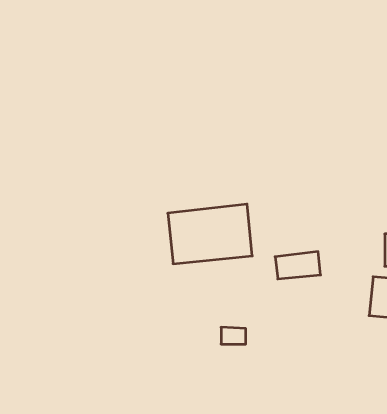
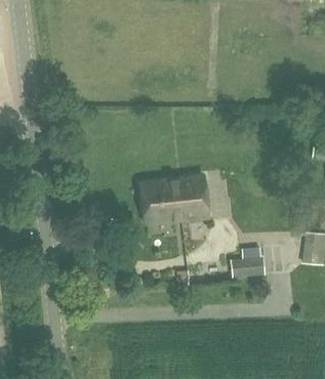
building: [275,252,321,279] -> [229,255,265,277]

